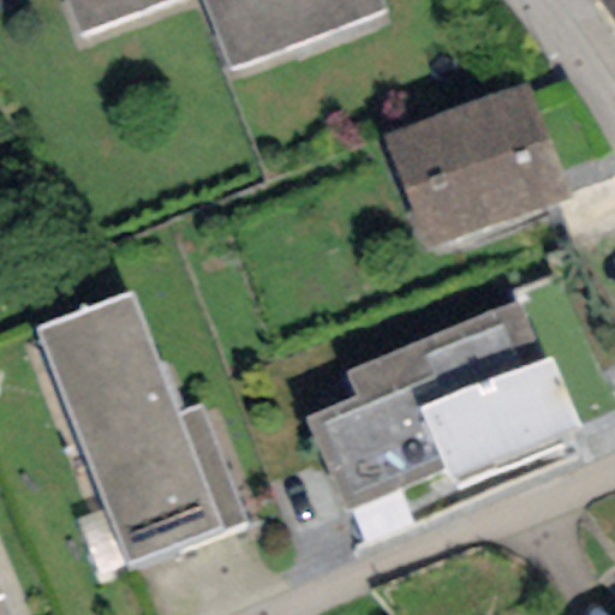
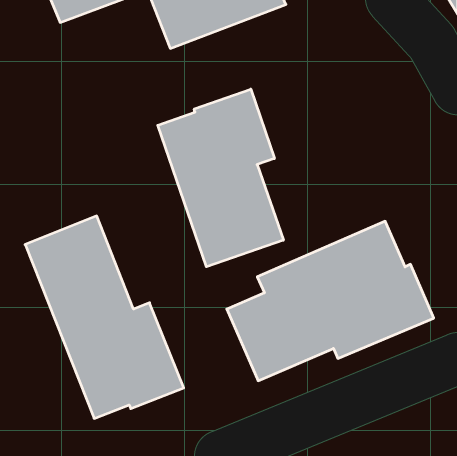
building: [384,83,567,247] -> none
building: none -> [158,89,283,267]

